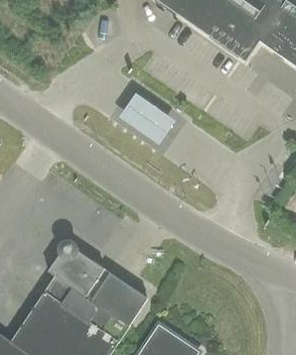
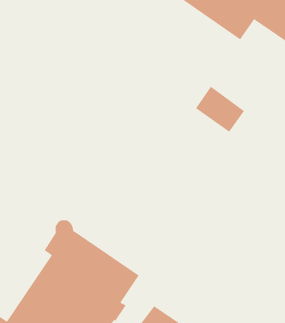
building: [122,92,171,138] -> [195,86,245,132]

